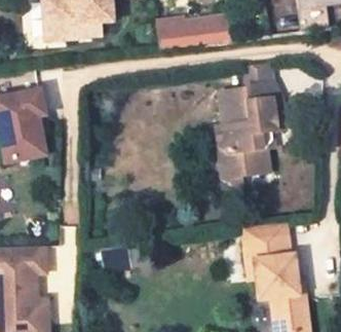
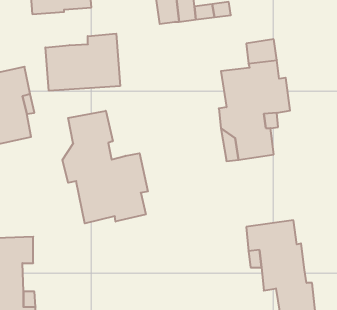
building: none -> [45,34,120,91]
building: none -> [63,111,148,223]

